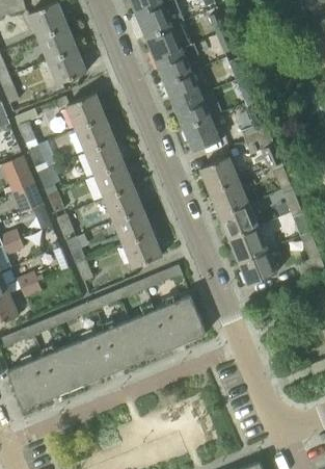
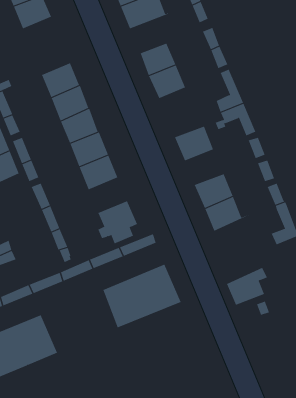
building: [155,45,197,84] -> none
building: [48,48,87,84] -> none
building: [184,119,220,152] -> none
building: [210,181,249,216] -> none
building: [113,209,153,244] -> none
building: [239,246,280,285] -> [226,267,268,306]
building: [66,321,142,385] -> none

